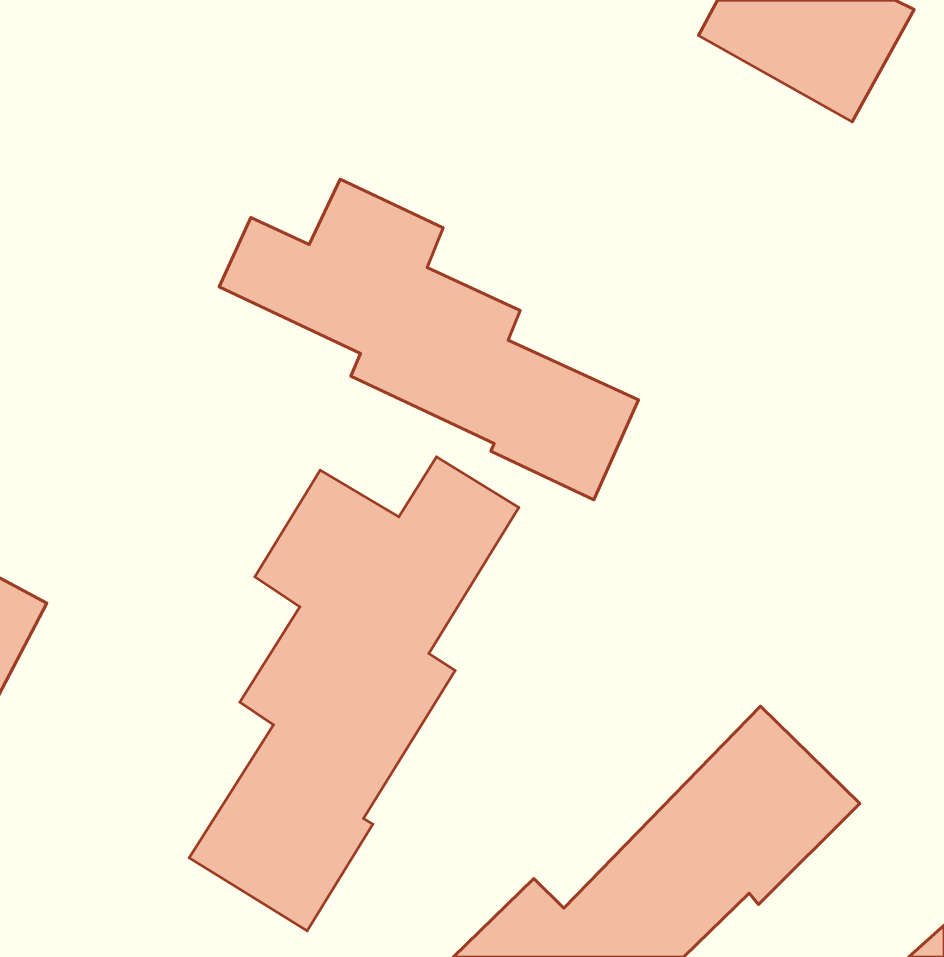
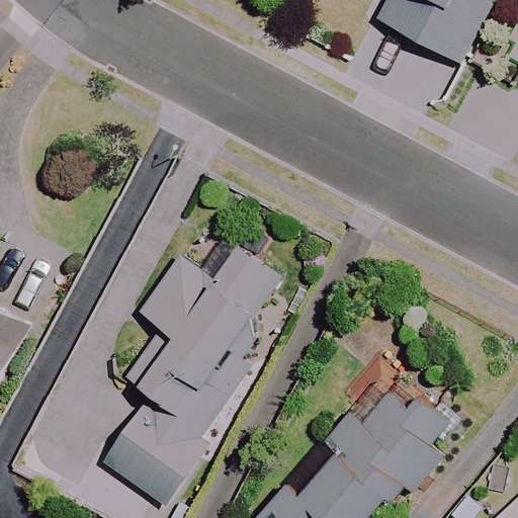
building: [219,179,639,500] -> none

